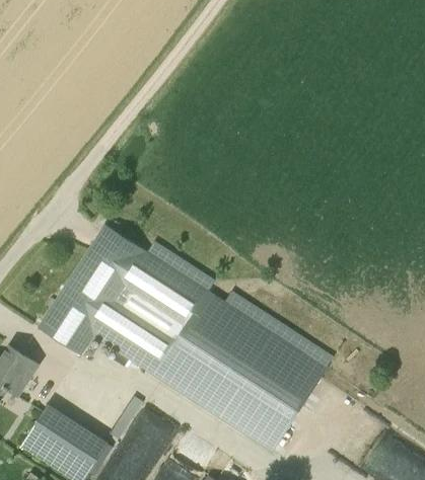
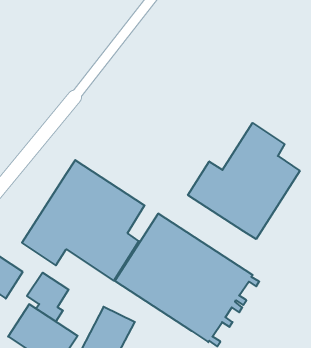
building: none -> [188,123,300,239]
building: none -> [27,273,69,321]

